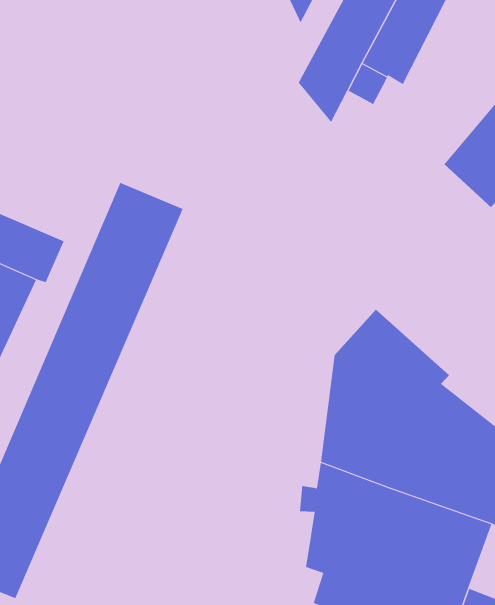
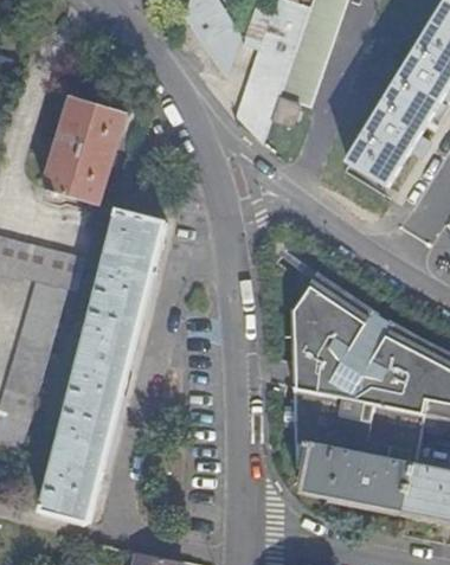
building: none -> [43,96,123,205]

